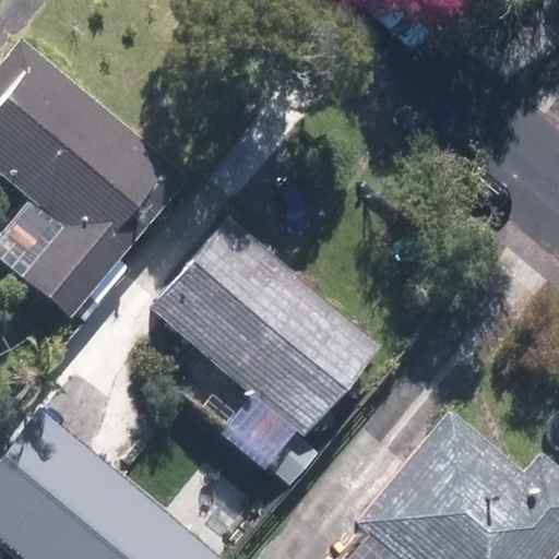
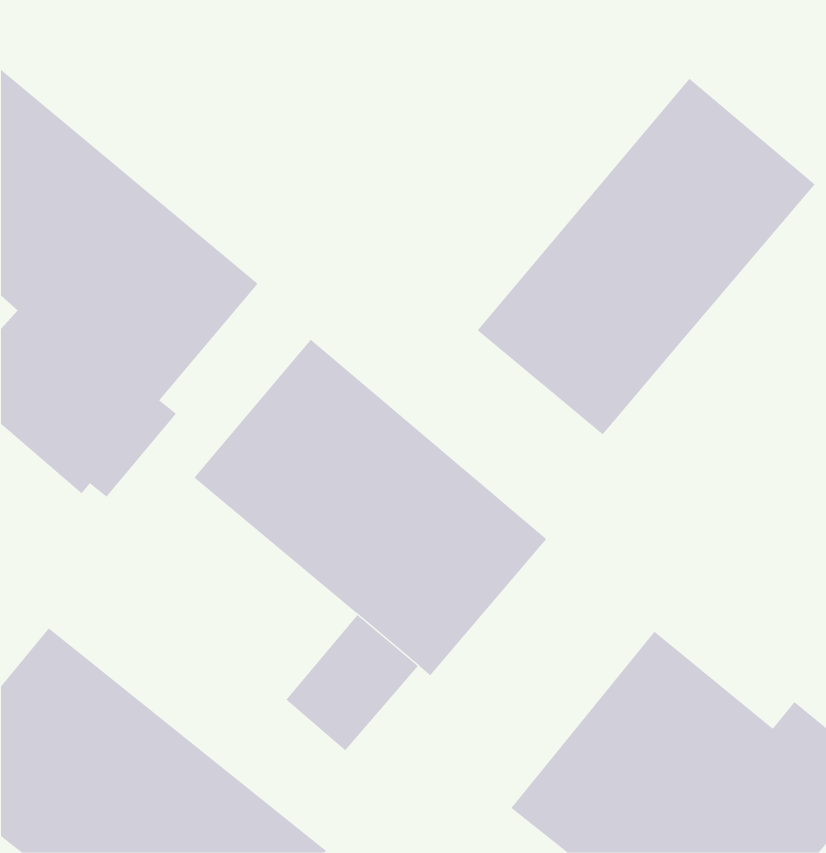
building: none -> [477,78,816,435]

